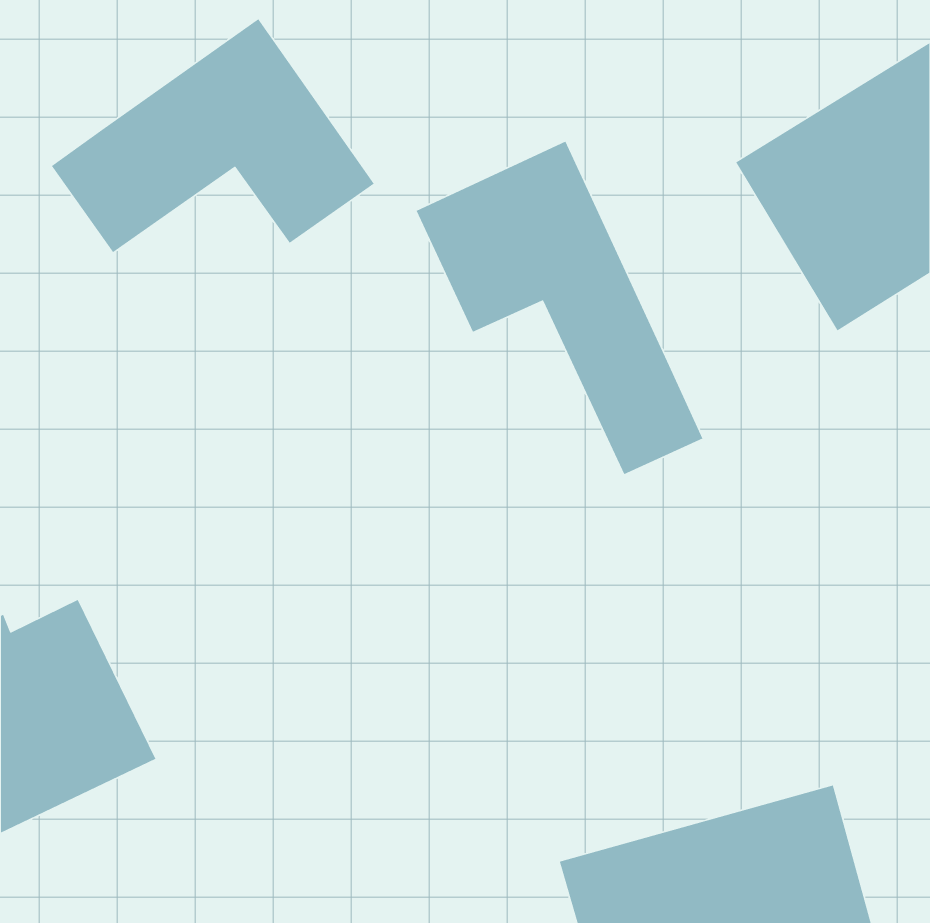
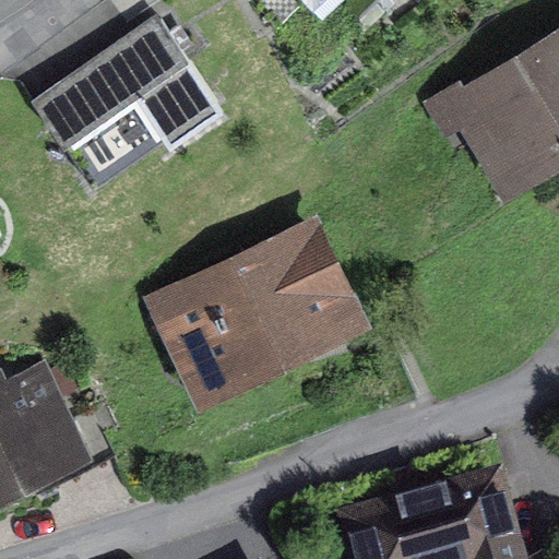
building: [416,141,703,475] -> none
building: none -> [143,218,369,412]

